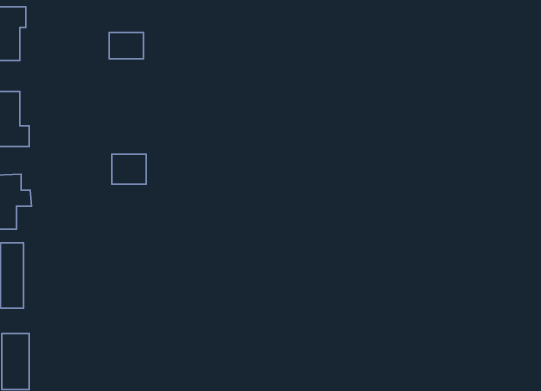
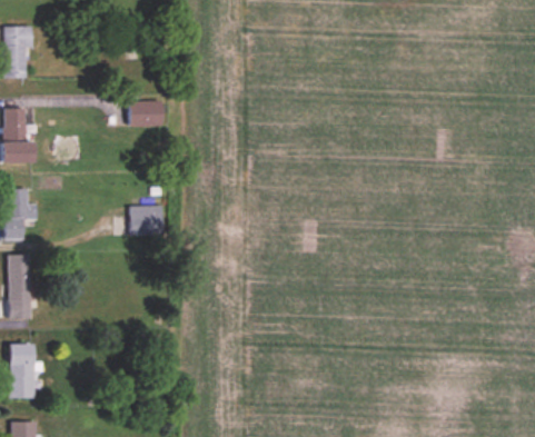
building: [109,32,144,59] -> [129,102,162,128]
building: [112,154,146,184] -> [130,207,164,236]

